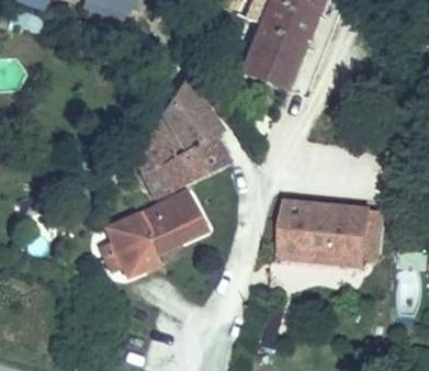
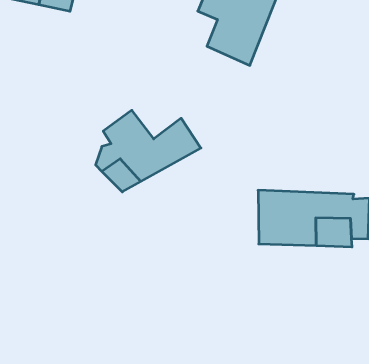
building: [167,83,223,150] -> none
building: [109,187,216,274] -> none

